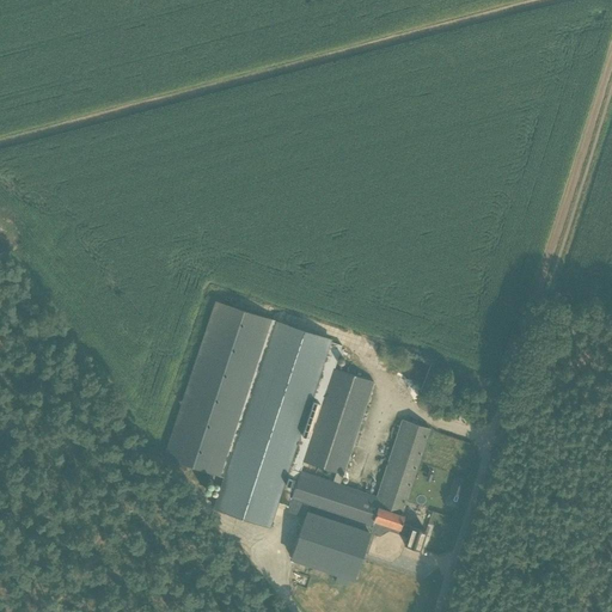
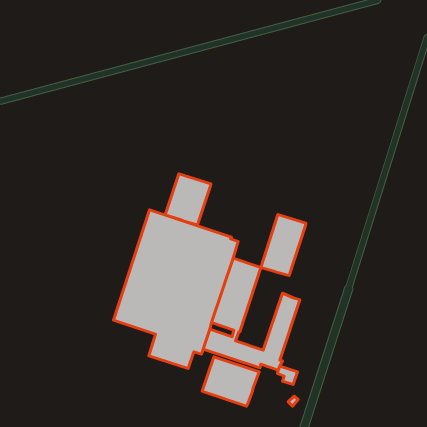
building: none -> [165,174,211,225]
building: none -> [261,214,306,275]

